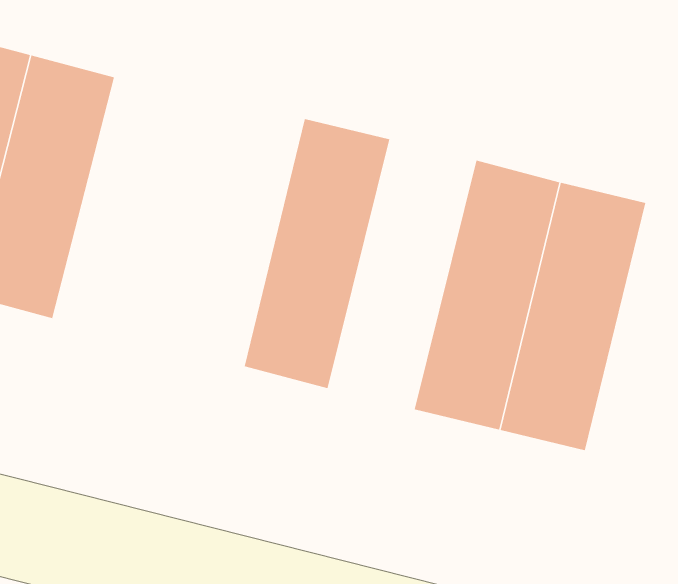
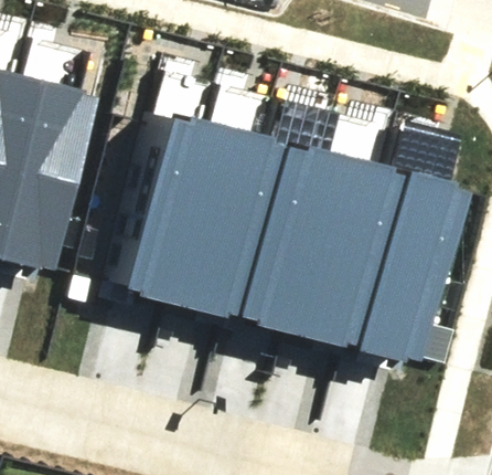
building: none -> [117,114,218,300]
building: none -> [235,142,338,330]

